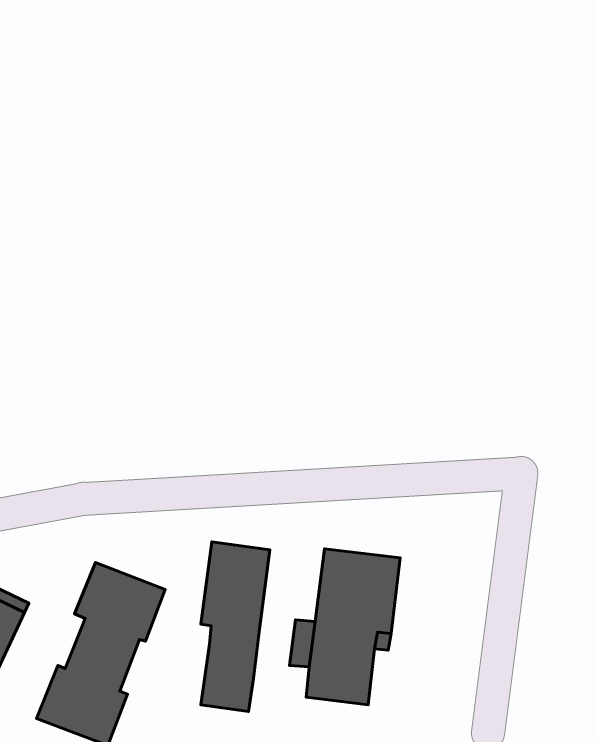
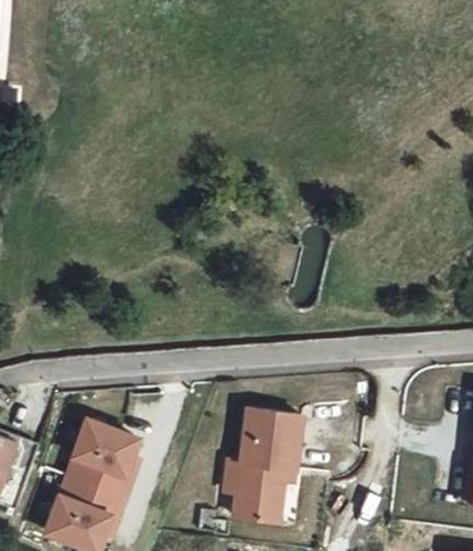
building: [201,542,270,711] -> none

